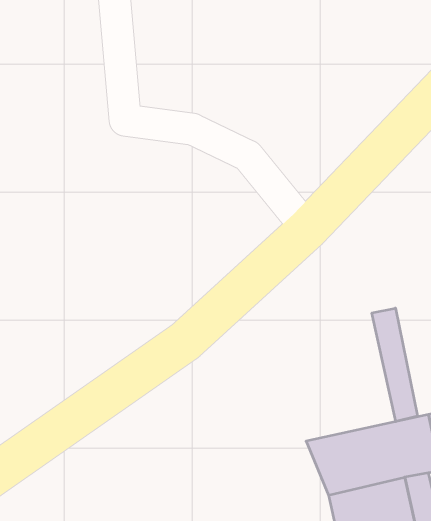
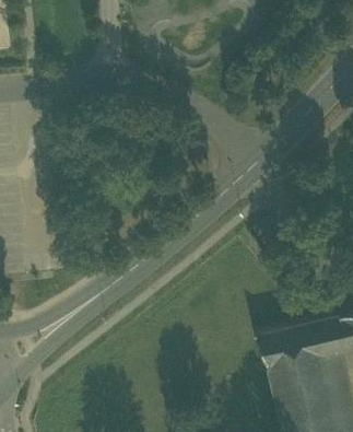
building: [372,308,417,422] -> none

